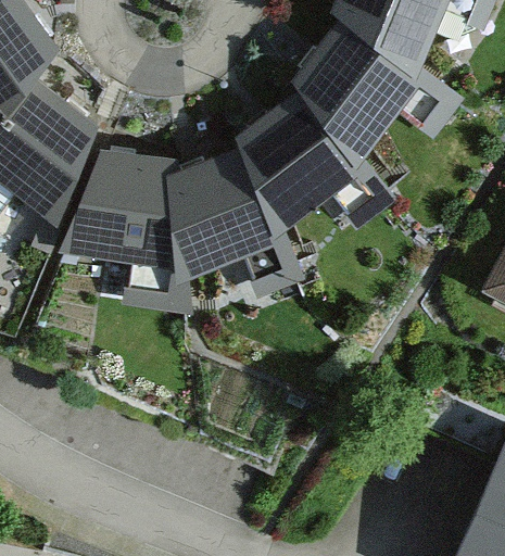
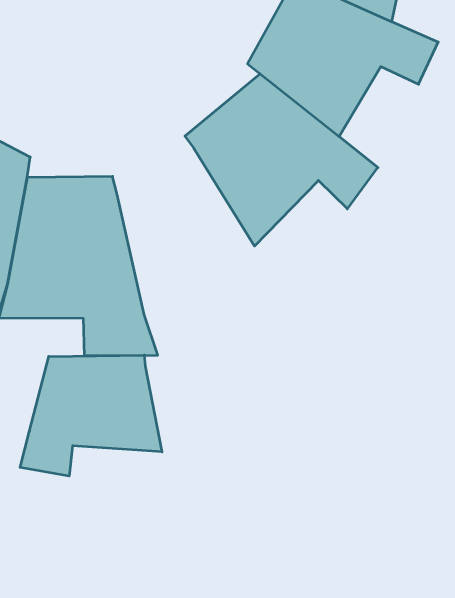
building: [172,147,290,289] -> none
building: none -> [20,355,162,476]

